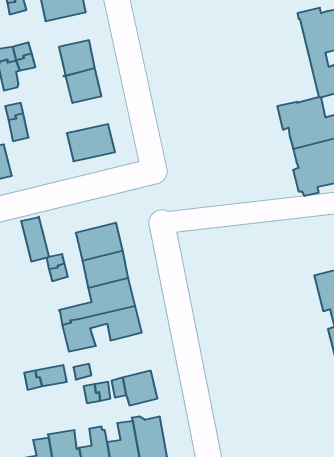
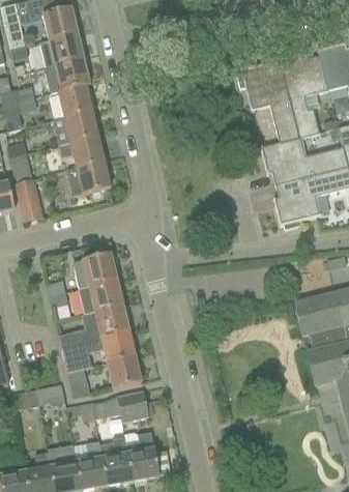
building: none -> [46,58,89,92]
building: none -> [236,63,298,142]
building: none -> [58,136,104,168]
building: [21,217,49,261] -> [17,178,42,220]
building: none -> [106,354,141,388]

